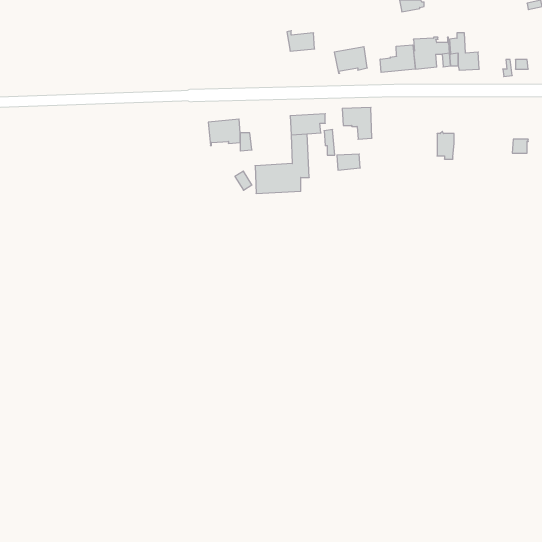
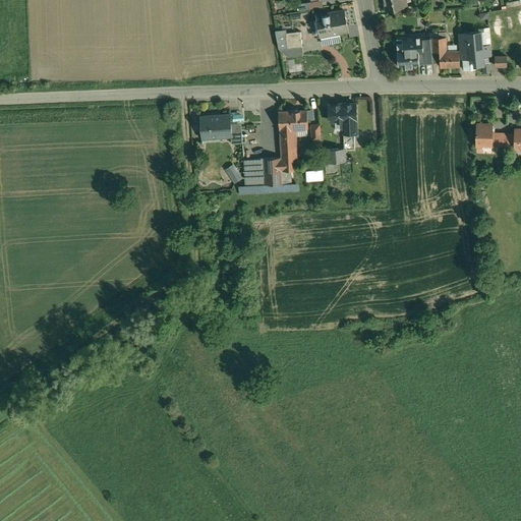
building: none -> [459,34,491,66]
building: [380,45,415,72] -> none
building: [334,47,367,73] -> [315,11,347,37]
building: [437,131,454,159] -> [475,123,491,150]

